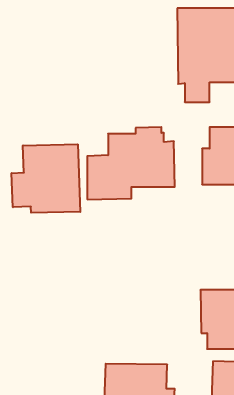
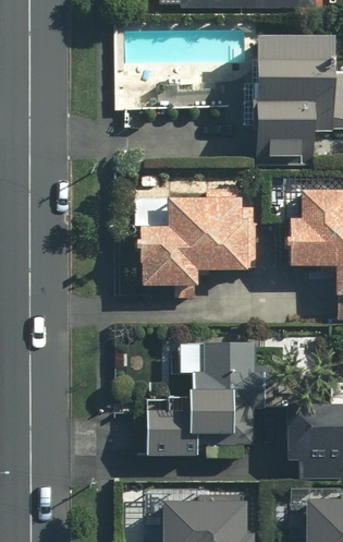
building: [12,144,80,213] -> none
building: none -> [147,342,264,453]

